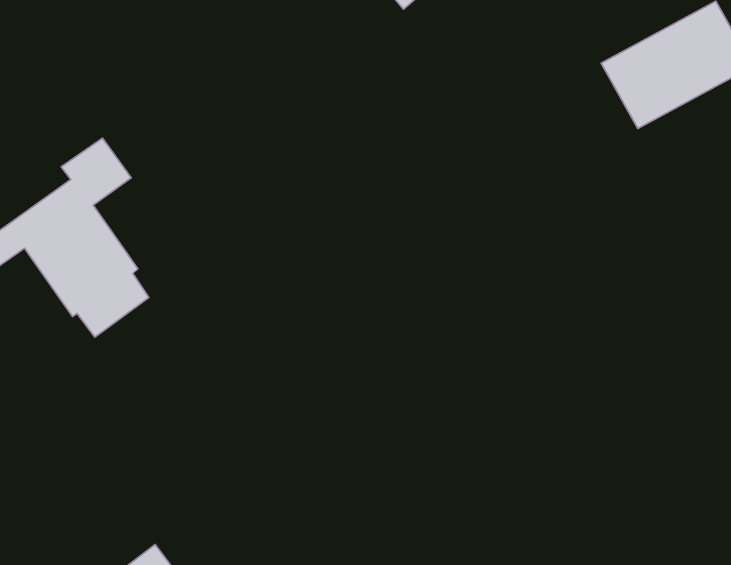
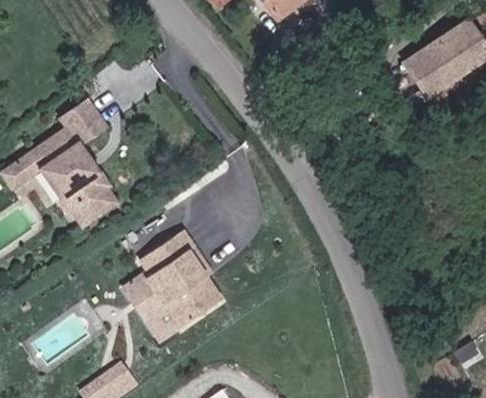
building: none -> [127,232,224,342]

